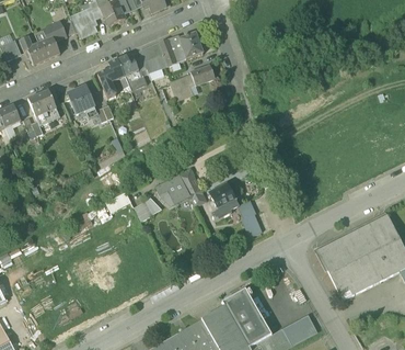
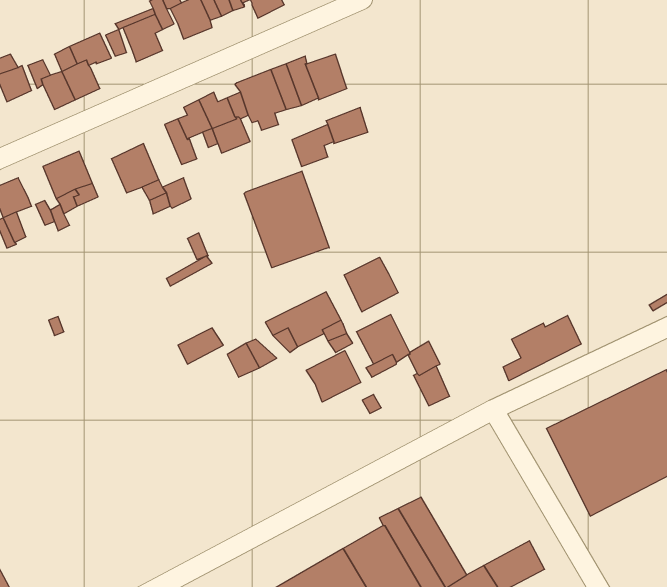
building: none -> [244,171,329,268]
building: none -> [344,257,398,312]
building: none -> [503,315,581,381]
building: none -> [306,351,361,402]

